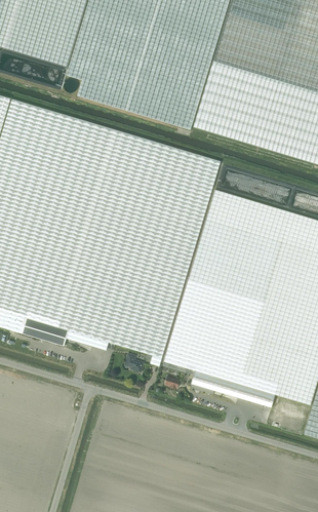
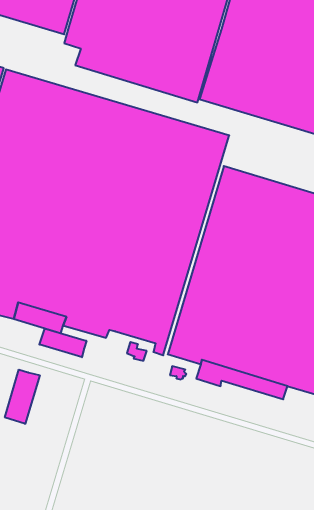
building: none -> [39,329,86,357]
building: none -> [5,370,40,424]

